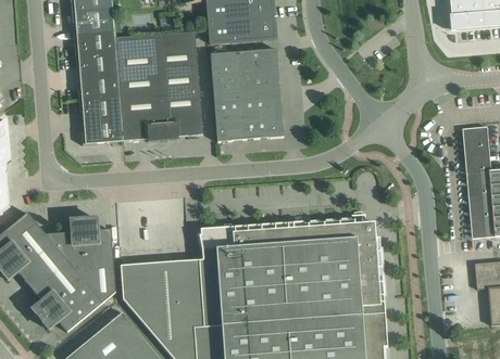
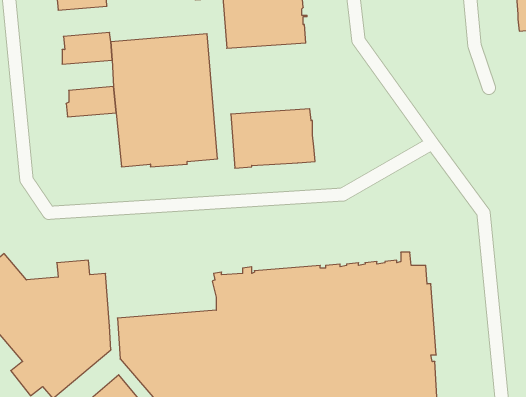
building: [72,9,114,34] -> none
building: [211,49,279,98] -> none
building: [75,53,117,78] -> none
building: [79,97,124,145] -> none

